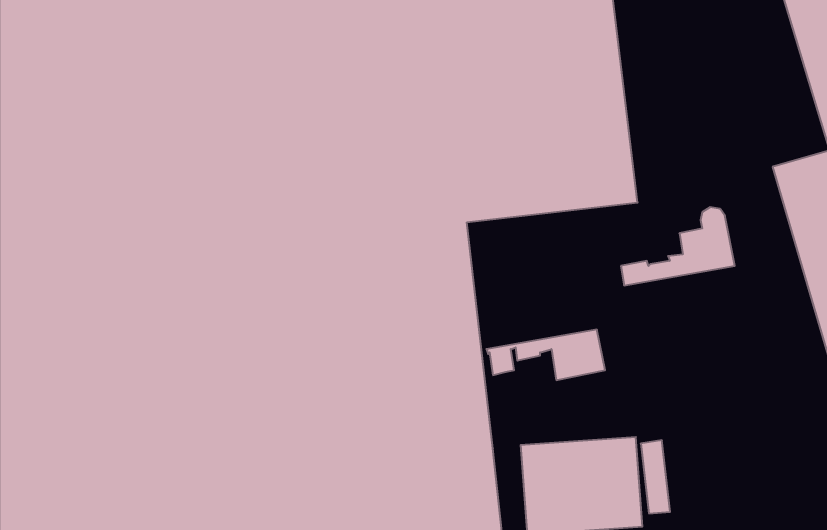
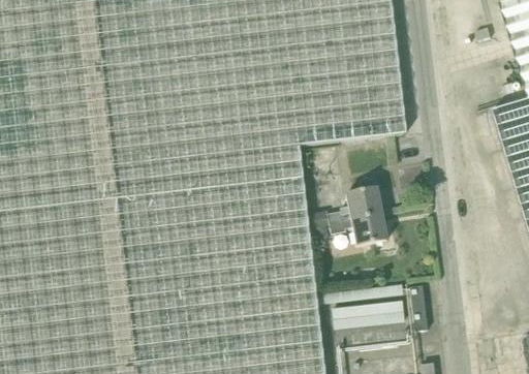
building: [621,207,735,285] -> [308,181,380,230]

